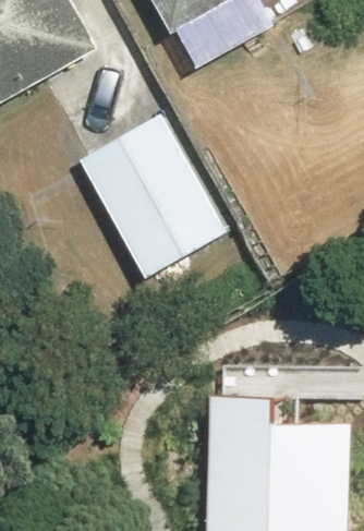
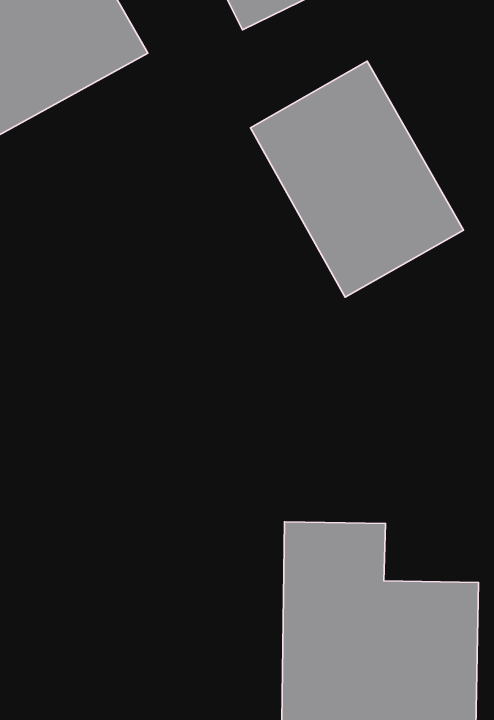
building: [78,109,228,275] -> [251,61,463,297]

